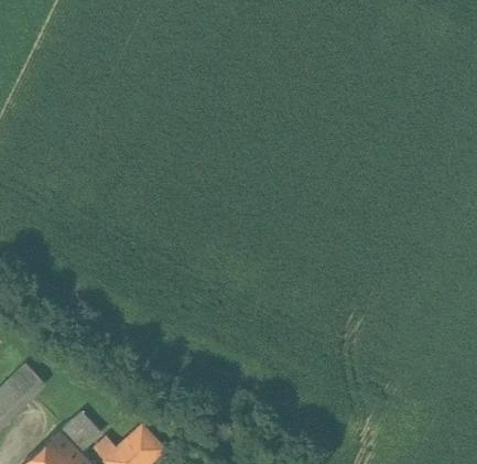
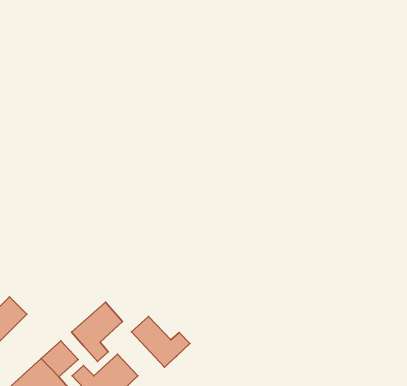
building: none -> [71,302,123,362]
building: none -> [132,317,190,367]

